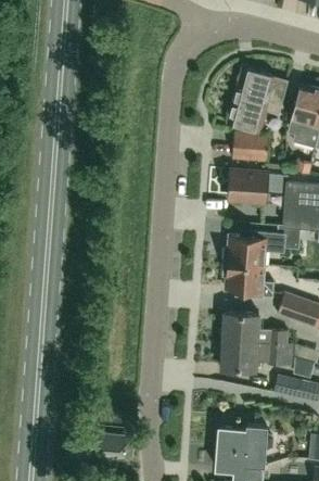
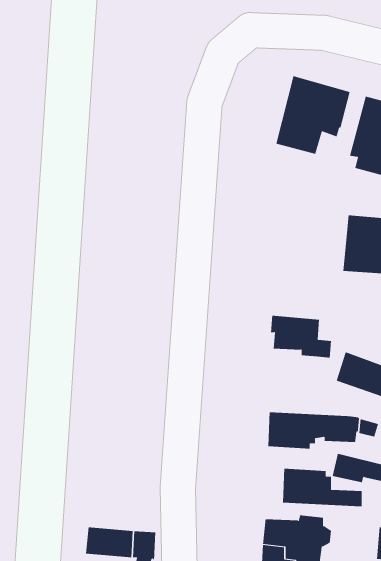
building: [232,132,269,161] -> none
building: [229,170,286,201] -> none
building: [225,225,299,265] -> none
building: [222,312,288,343] -> [282,468,363,507]

